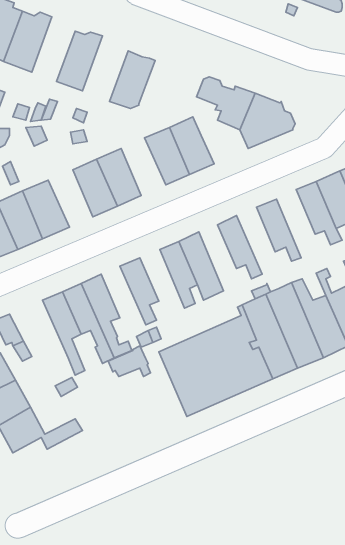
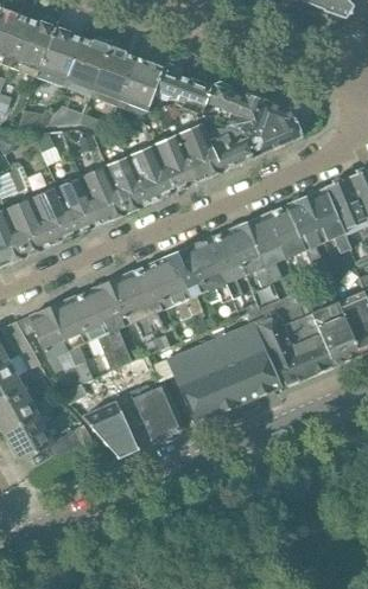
building: none -> [38,21,82,87]
building: none -> [89,40,135,107]
building: none -> [153,62,211,116]
building: none -> [209,133,256,169]
building: none -> [128,143,173,201]
building: none -> [55,175,100,233]
building: none -> [285,196,324,264]
building: none -> [245,213,284,281]
building: none -> [207,231,245,297]
building: none -> [147,256,192,319]
building: none -> [108,273,153,337]
building: none -> [30,307,75,373]
building: none -> [129,384,178,442]
building: none -> [80,401,137,457]

